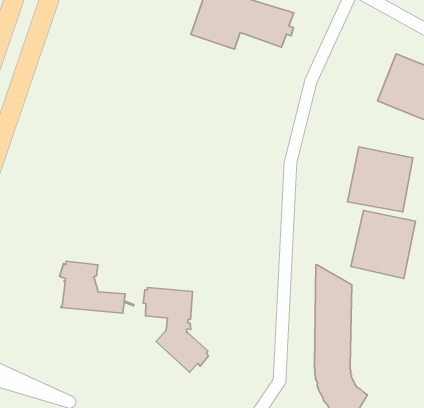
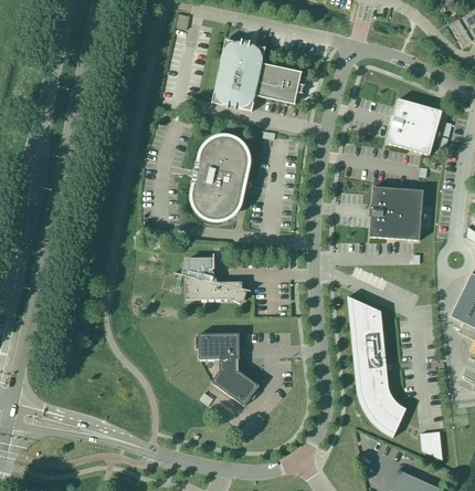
building: none -> [192,136,249,220]
building: [351,211,415,279] -> none
building: [59,261,134,313] -> [181,258,251,300]

